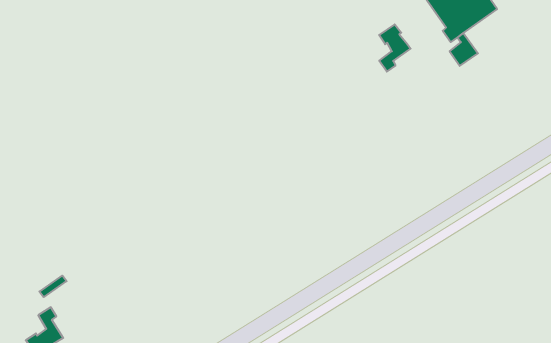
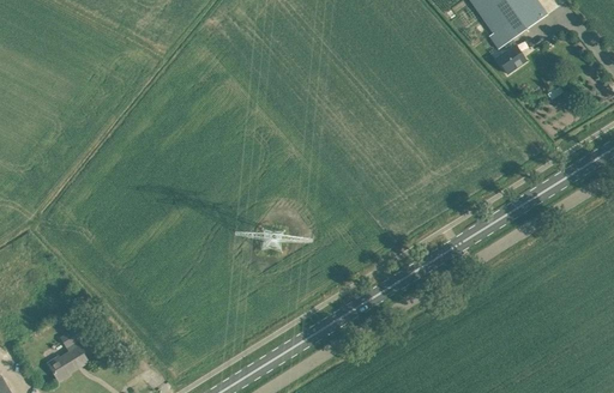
building: [379,24,411,72] -> none

